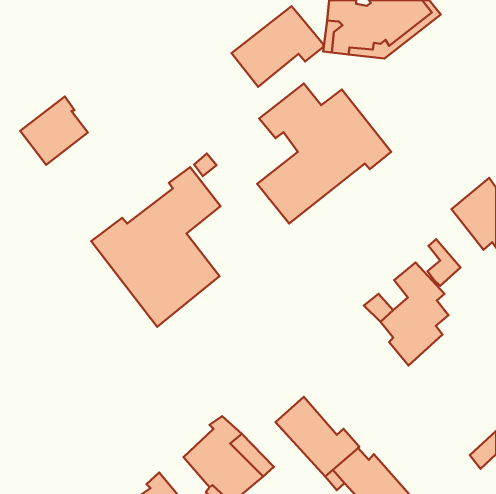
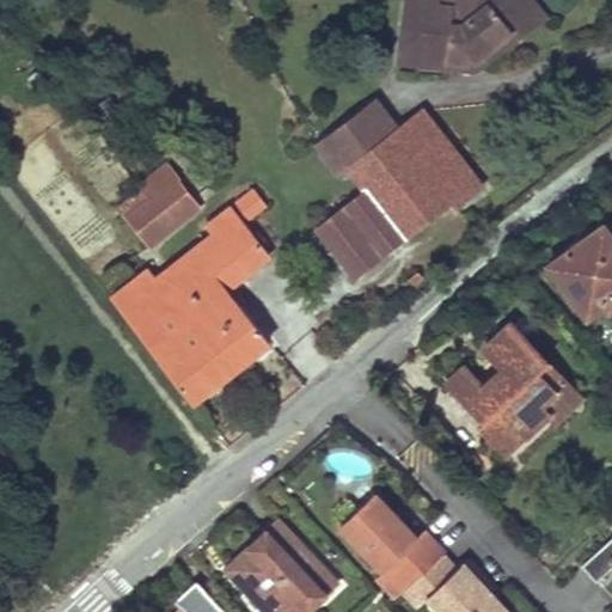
building: [232,6,324,87] -> none
building: [20,97,88,165] -> [117,164,201,247]
building: [427,239,460,286] -> [537,365,577,422]

